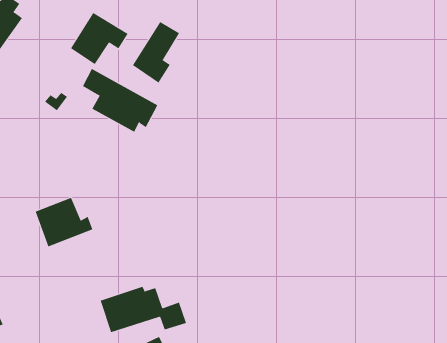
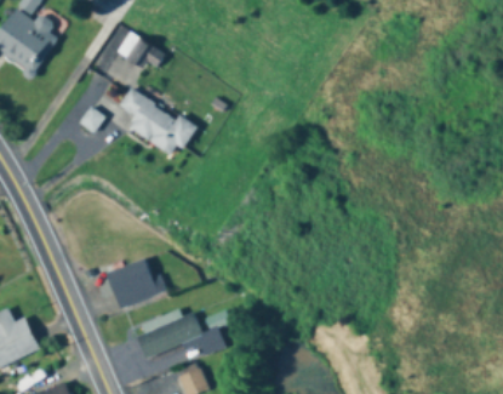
building: [132,21,180,83] -> none
building: [35,197,93,247] -> [105,258,165,309]

